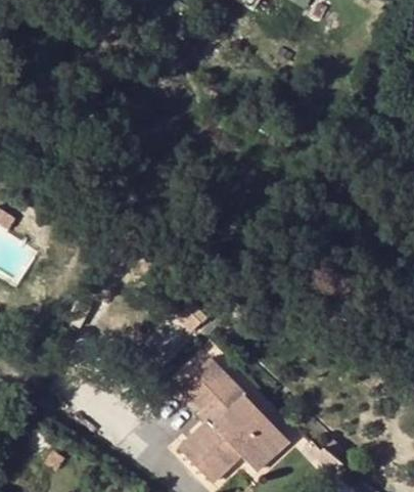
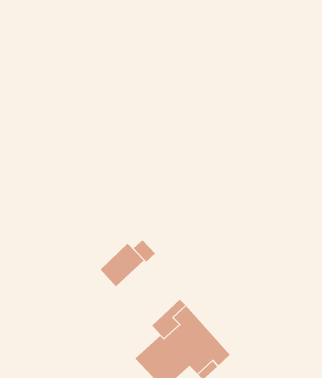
building: [180,356,231,407] -> [100,243,144,287]

